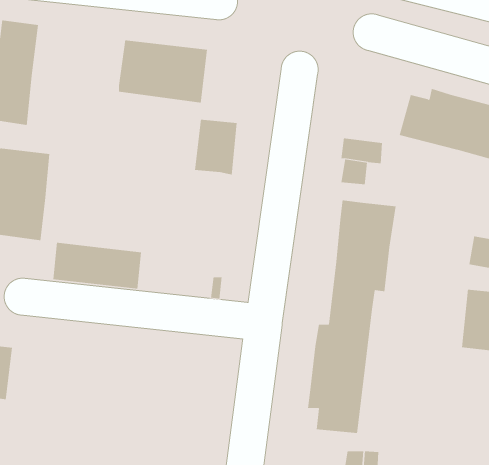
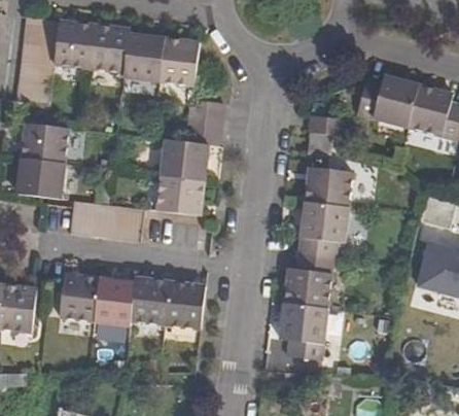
building: none -> [52,22,130,72]
building: none -> [156,140,208,216]
building: none -> [59,274,204,328]

